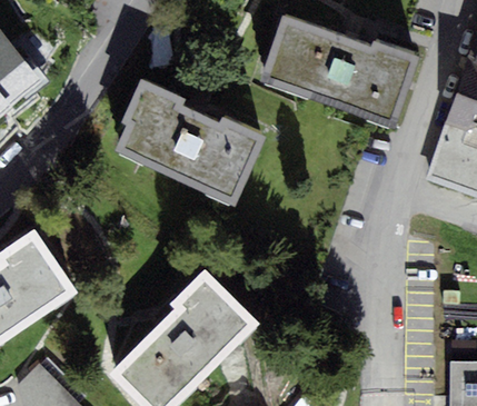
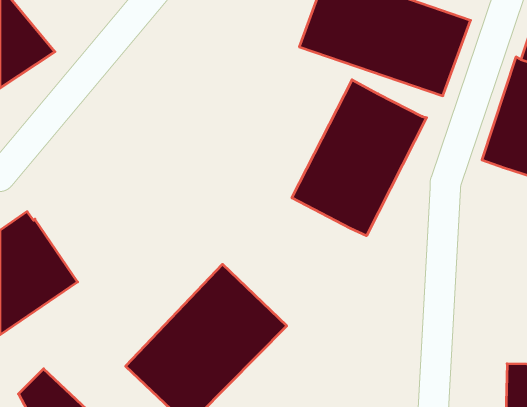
building: [110,75,260,200] -> none
building: none -> [292,80,427,236]

